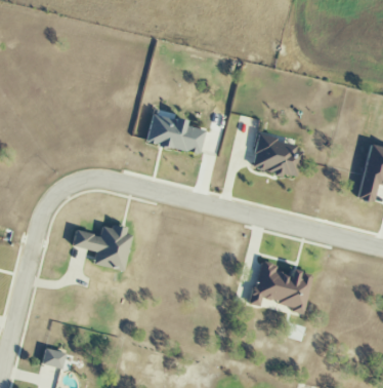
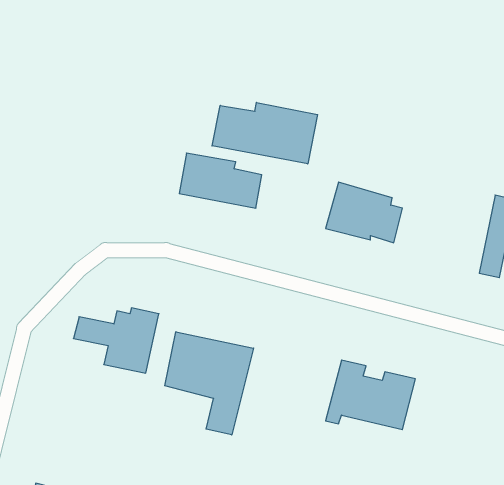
building: none -> [212,102,318,164]
building: none -> [165,332,254,435]

